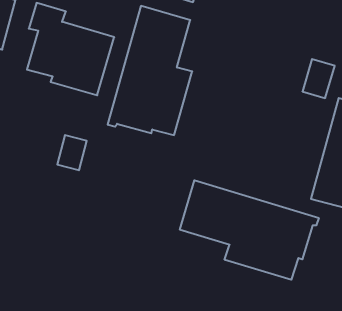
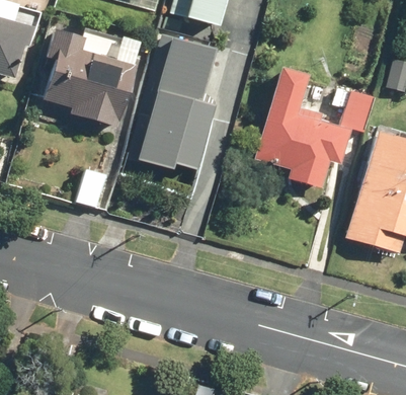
building: none -> [253,68,349,188]
building: [180,180,319,280] -> none

